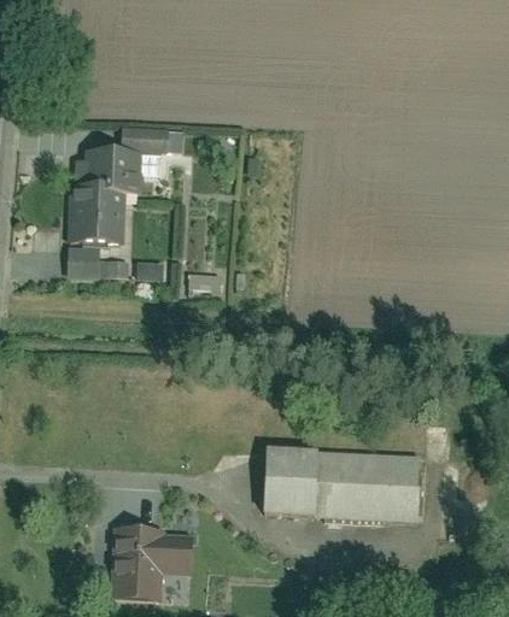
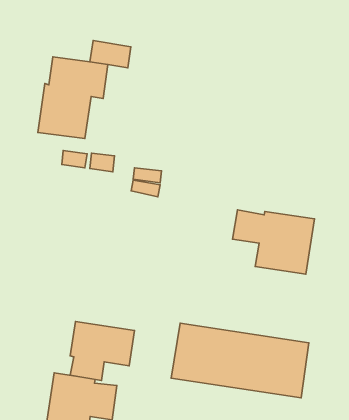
building: [69,246,103,276] -> none
building: none -> [232,210,314,274]
building: none -> [70,321,135,380]

